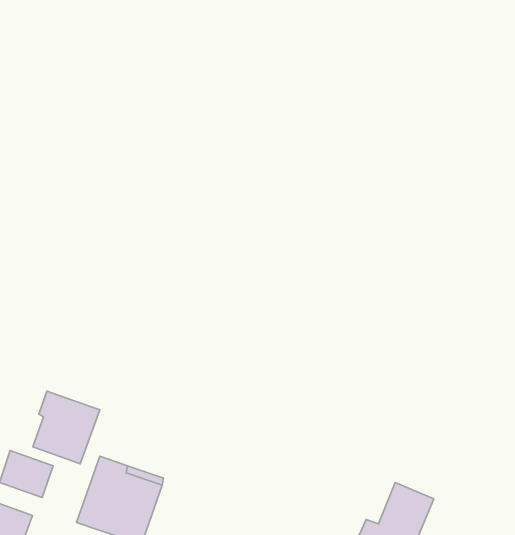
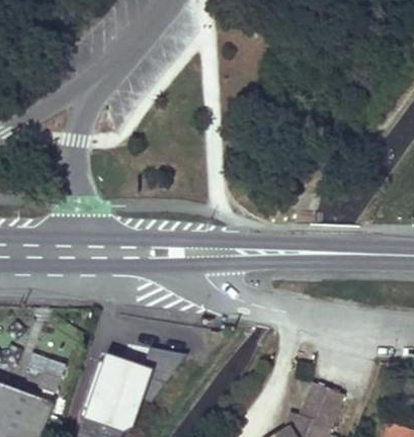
building: [33,391,100,464] -> none

